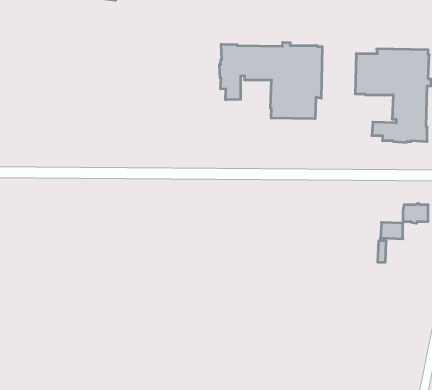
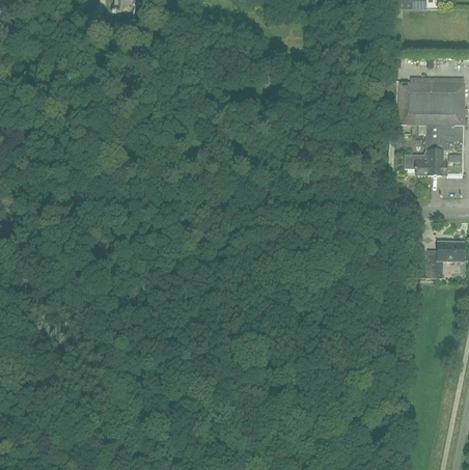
building: [219,42,322,119] -> none

